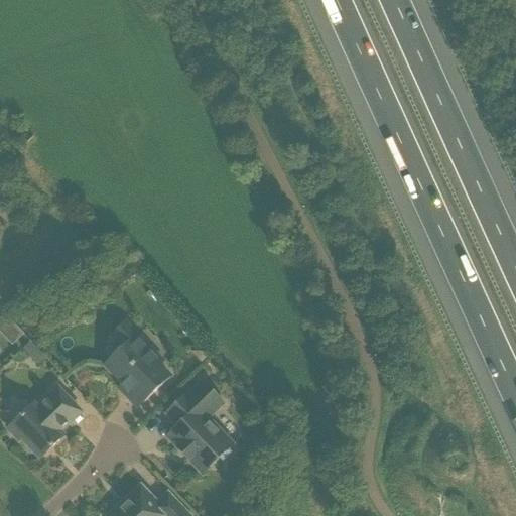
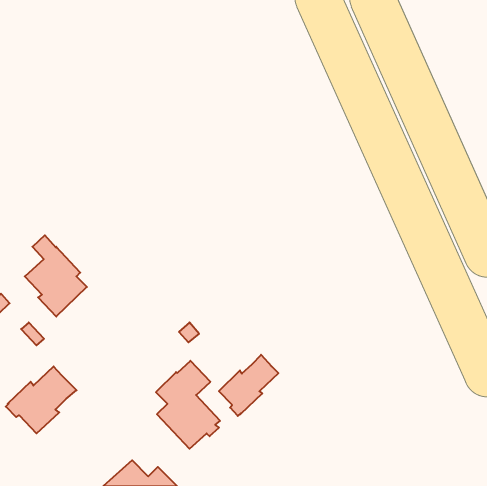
building: [103,320,168,406] -> [25,235,87,317]
building: none -> [219,355,278,416]

